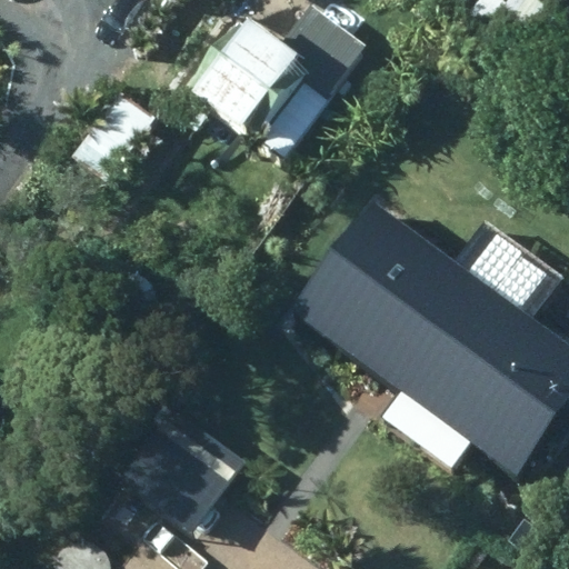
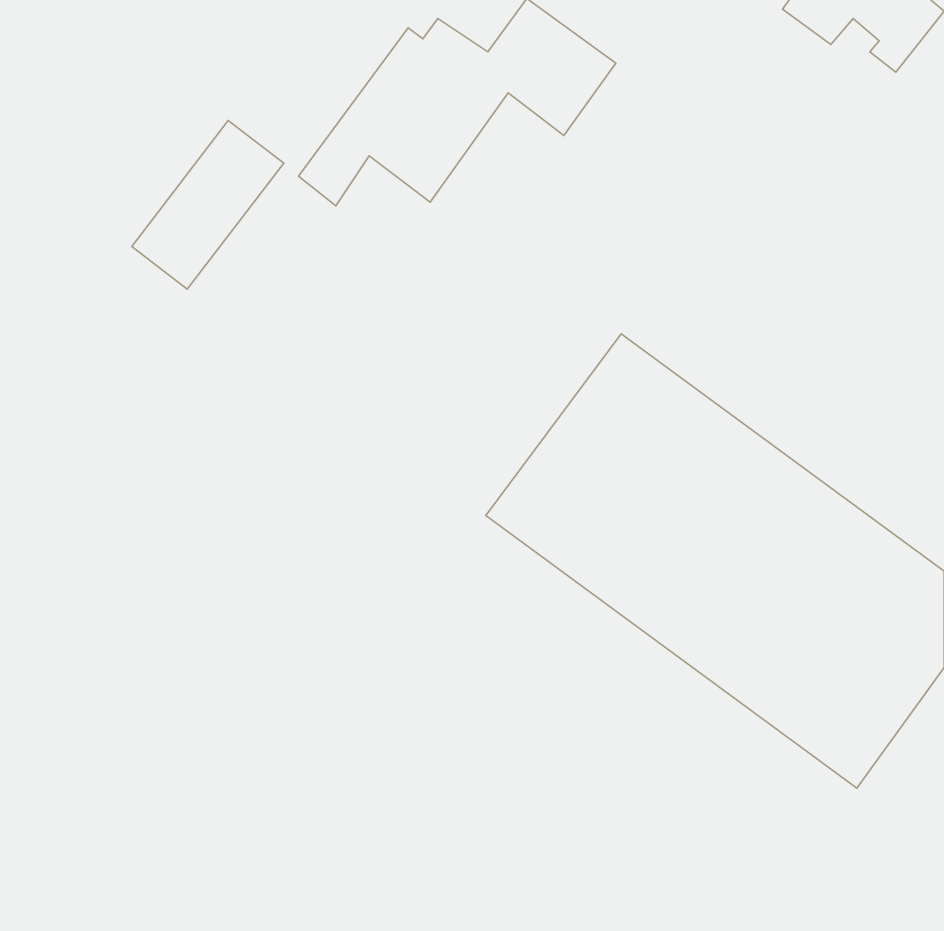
building: [128,419,243,538] -> none

